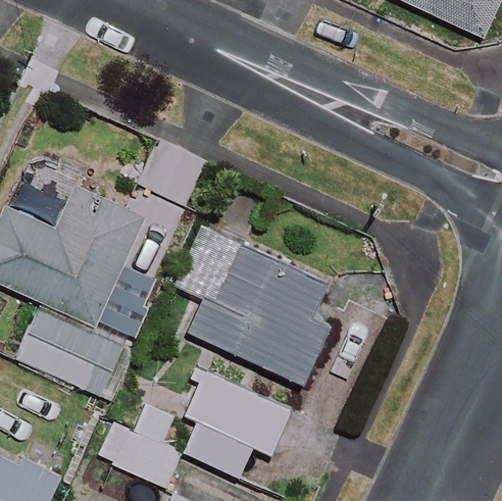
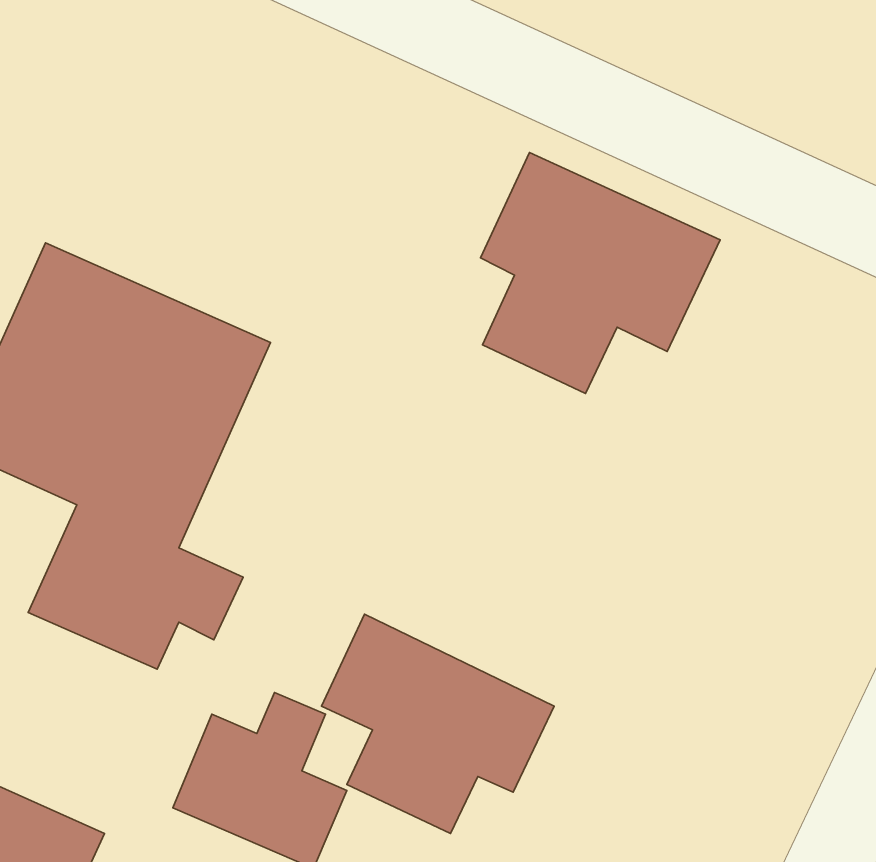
building: none -> [480,153,720,394]
building: [185,231,333,384] -> none

